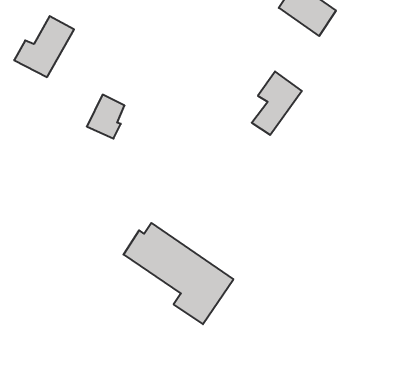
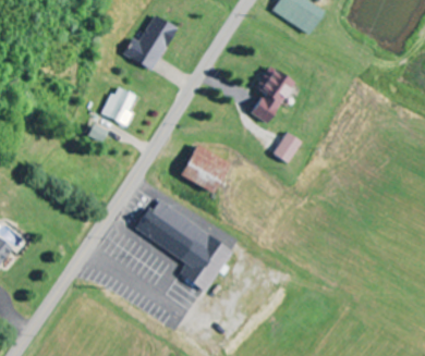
building: [14,16,74,77] -> [124,15,178,70]
building: none -> [274,132,303,163]
building: none -> [180,145,229,193]

